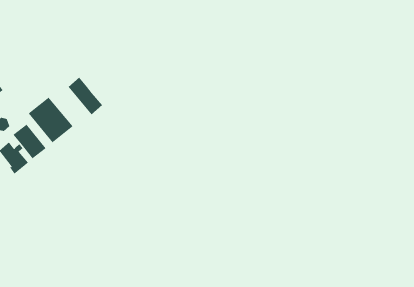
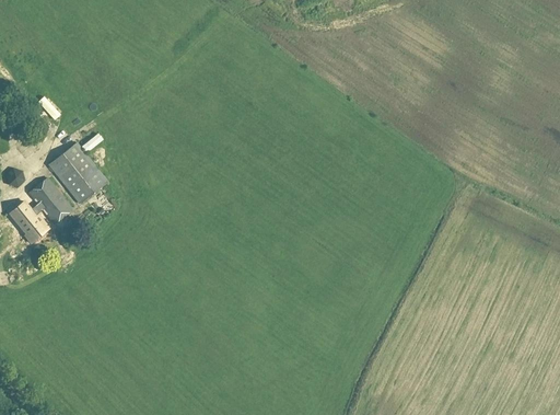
building: [68,77,103,115] -> none

